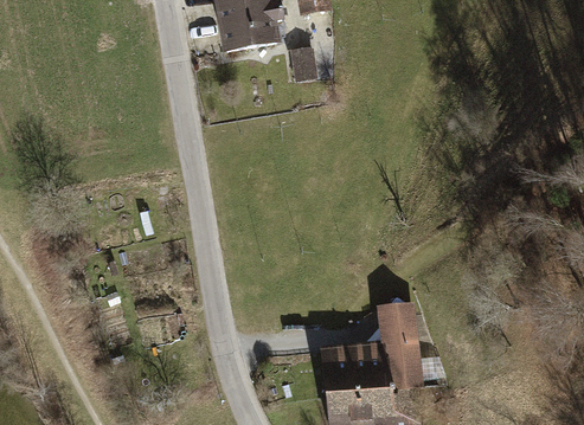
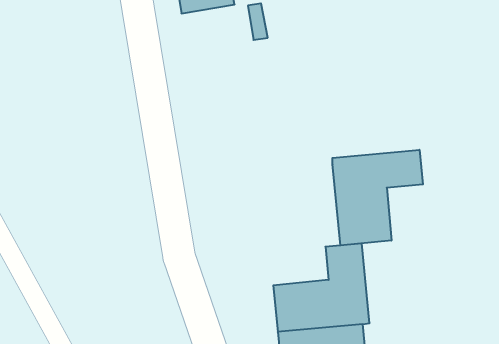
building: none -> [332,150,423,245]

